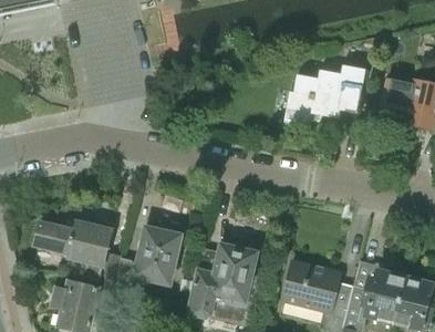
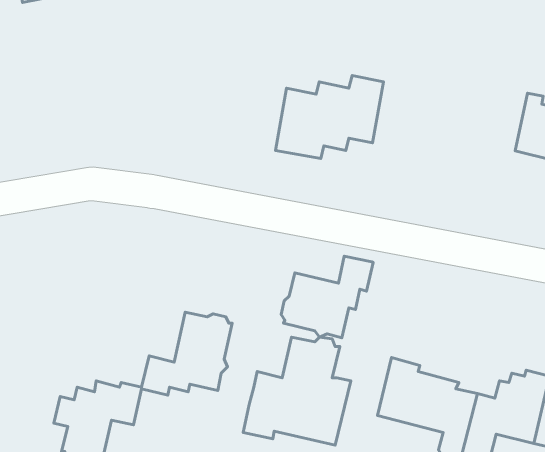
building: [288,64,364,123] -> [275,76,383,158]
building: none -> [281,256,373,338]
building: [33,221,120,280] -> none

